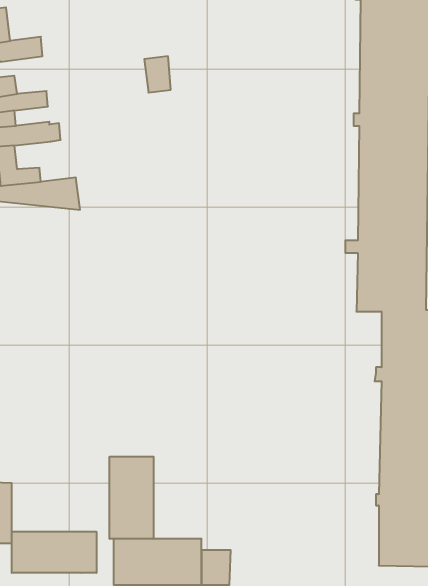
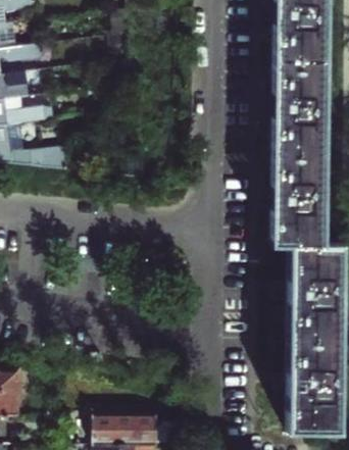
building: [110,457,154,539] -> none
building: [12,532,96,573] -> none

